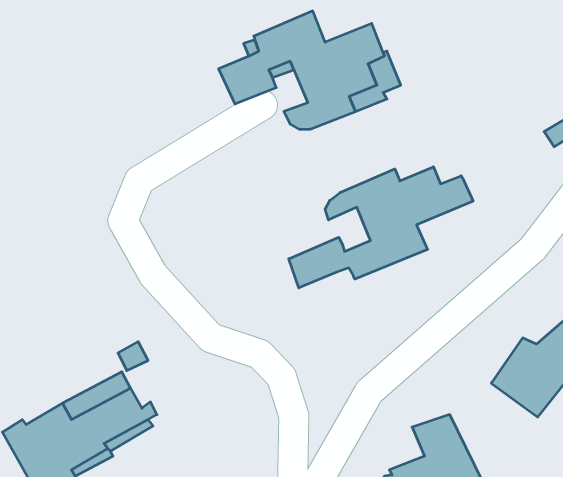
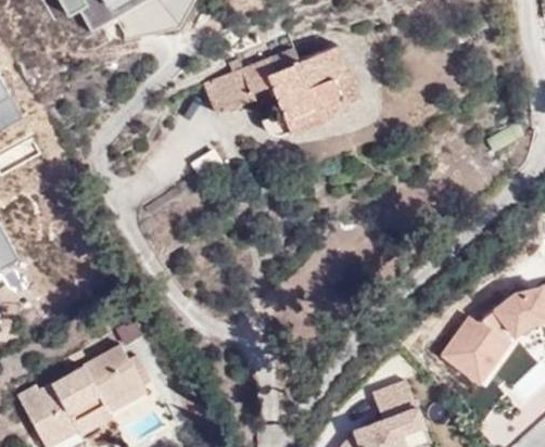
building: [289,167,473,288] -> none

